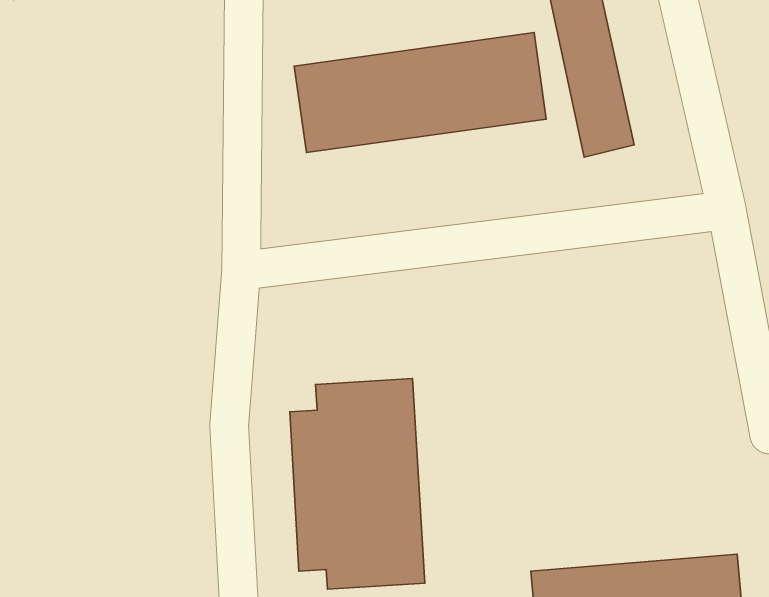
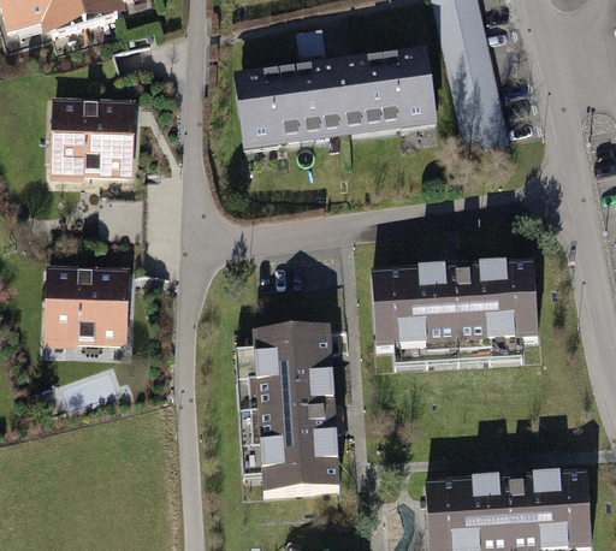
building: none -> [58,102,132,170]
building: none -> [371,261,537,366]
building: none -> [51,271,125,336]

